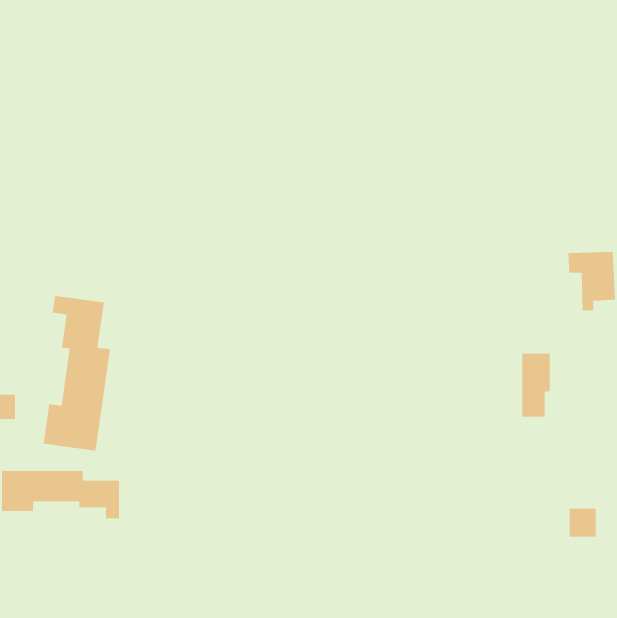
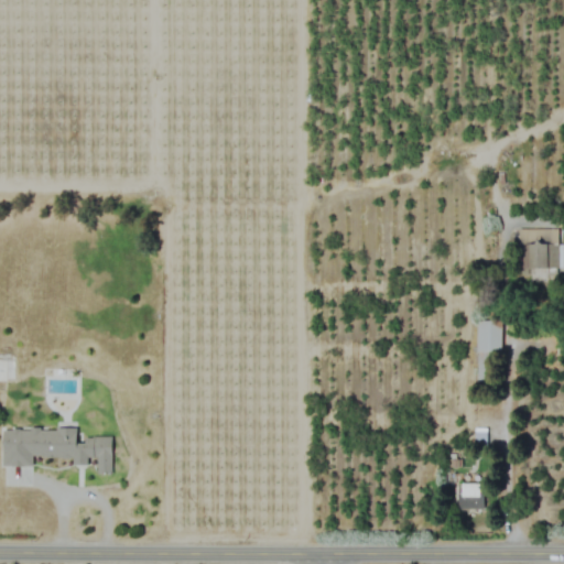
building: [43,295,110,451] -> none
building: [569,508,597,537] -> [457,484,482,510]

